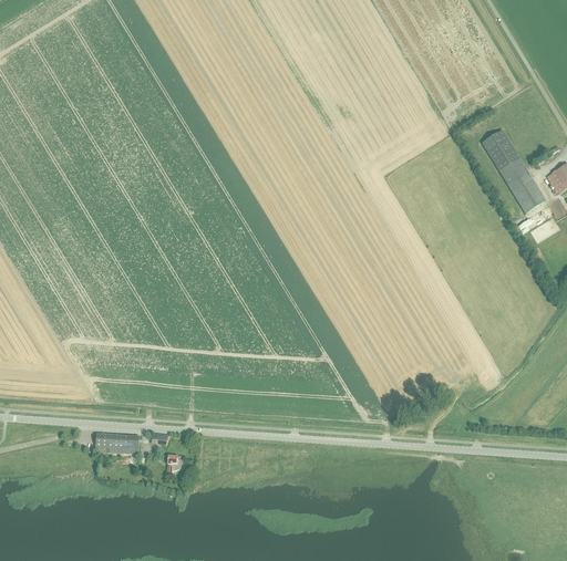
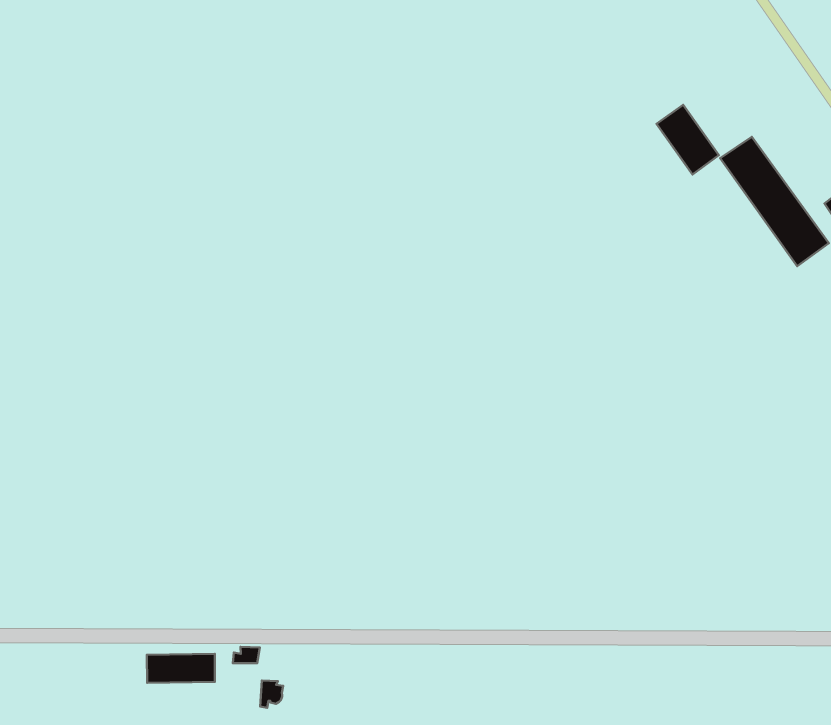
building: none -> [657,105,719,174]

